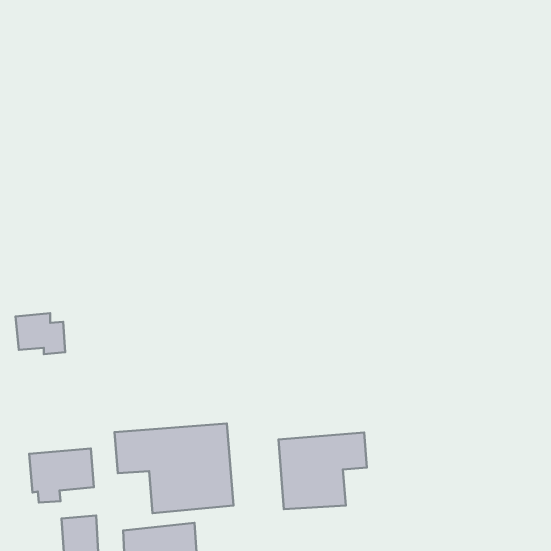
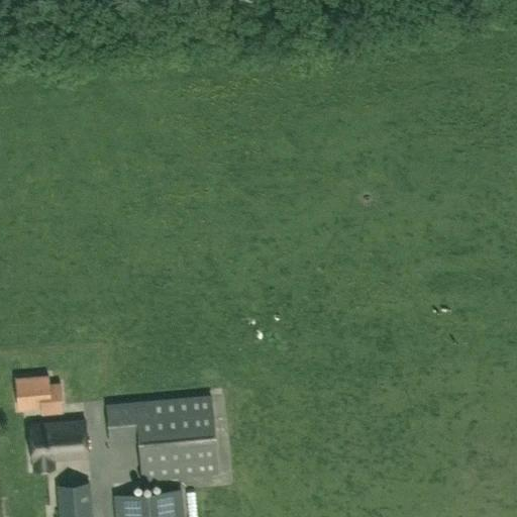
building: [16,313,65,354] -> [17,376,64,414]
building: [278,432,367,509] -> none

